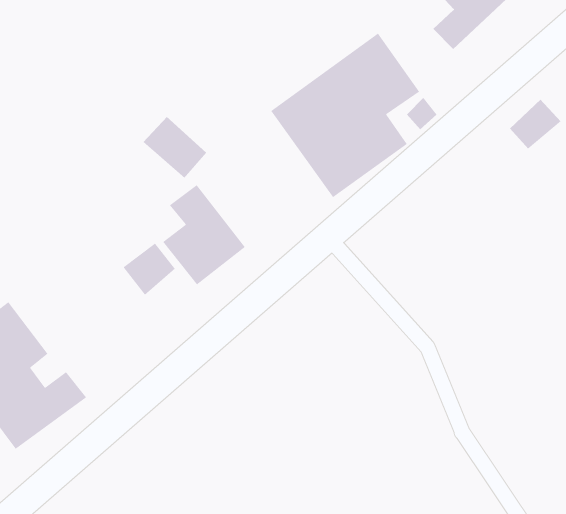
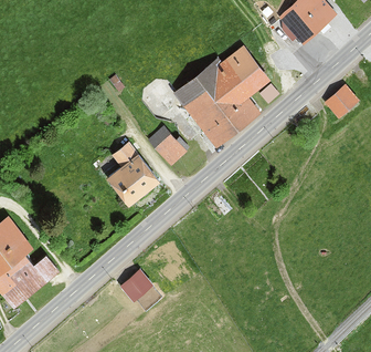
building: [143,116,207,179] -> [146,127,187,167]
building: [123,242,176,296] -> none
building: none -> [123,269,156,302]

